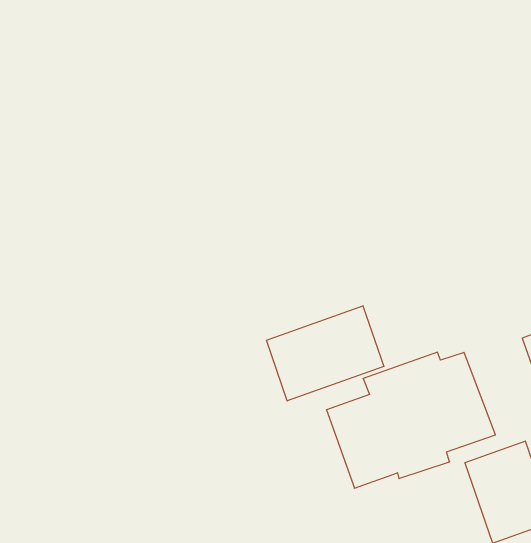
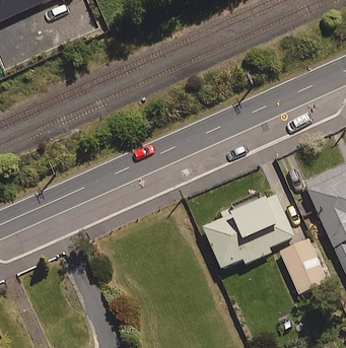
building: [266,306,384,401] -> none

